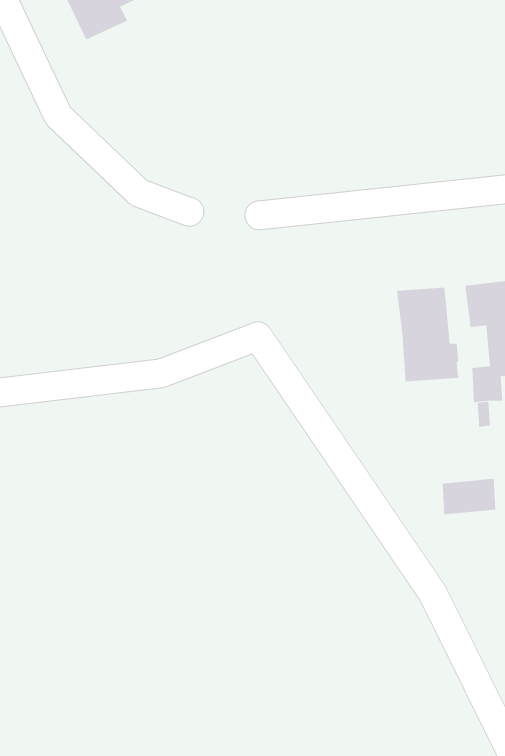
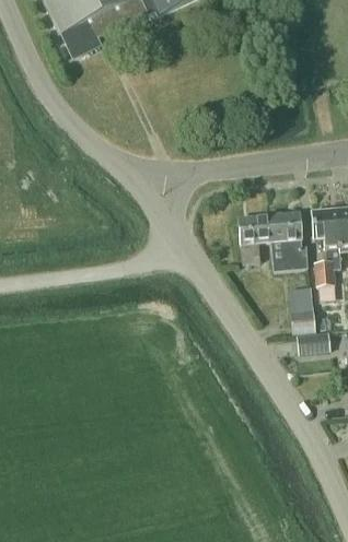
building: none -> [239,213,271,262]
building: none -> [288,285,315,333]

